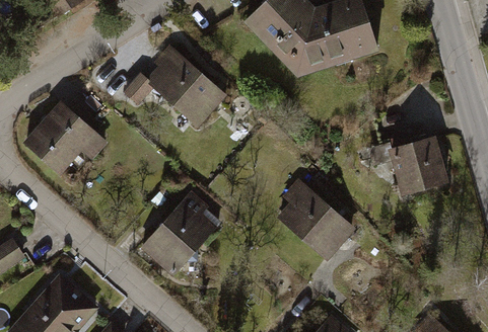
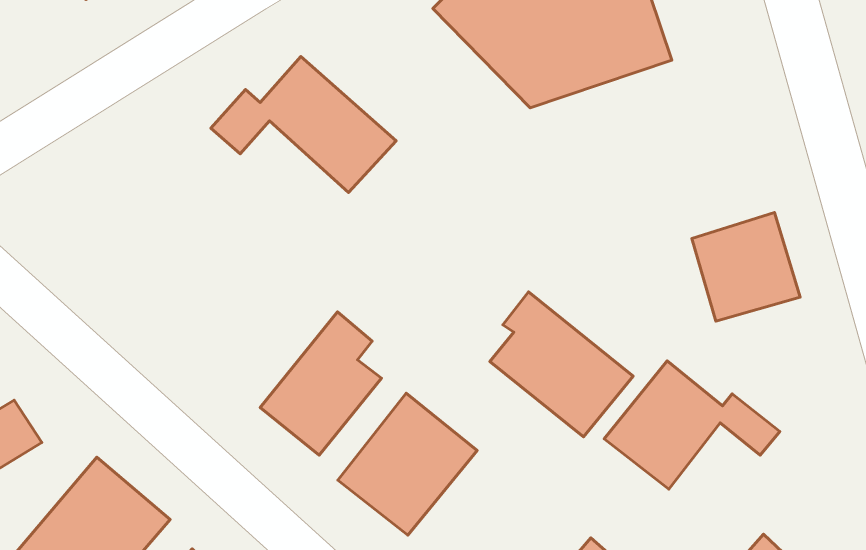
building: [18,97,107,176] -> none
building: none -> [604,361,780,489]
building: none -> [338,393,477,535]

